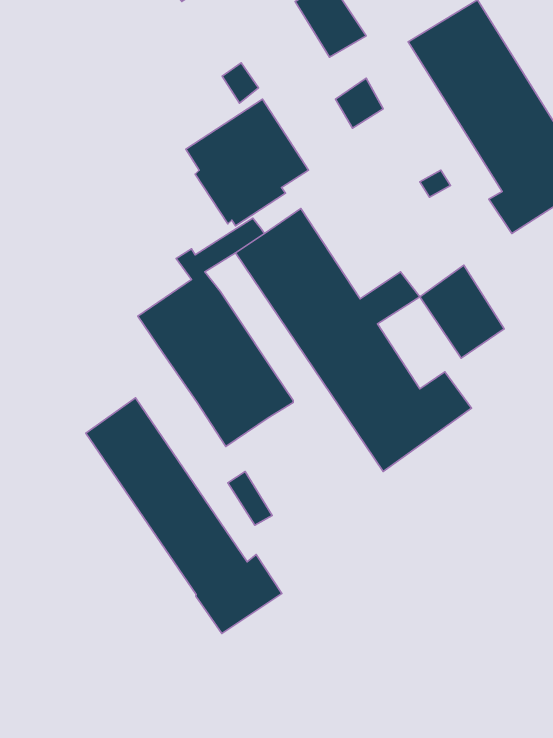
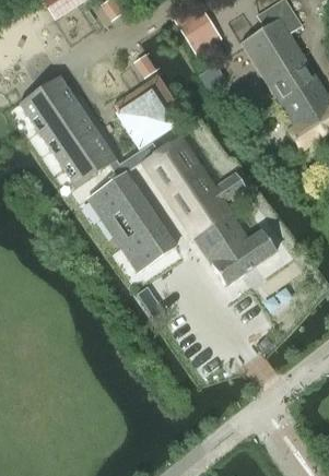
building: none -> [19,75,117,187]
building: [420,265,504,358] -> none
building: [86,398,282,633] -> none

